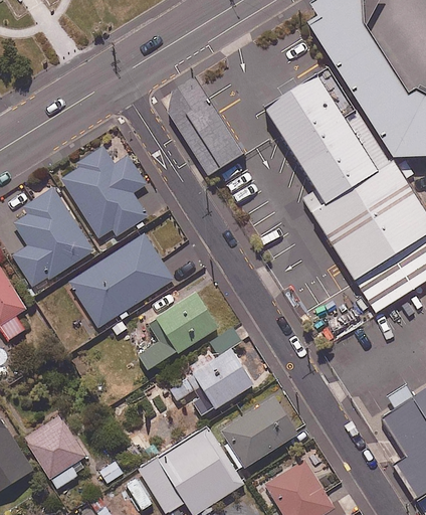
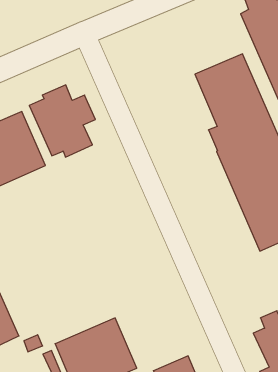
building: [167,78,244,178] -> none
building: [66,232,174,328] -> none
building: [139,290,218,370] -> none
building: [166,327,253,415] -> none
building: [219,394,297,468] -> none

